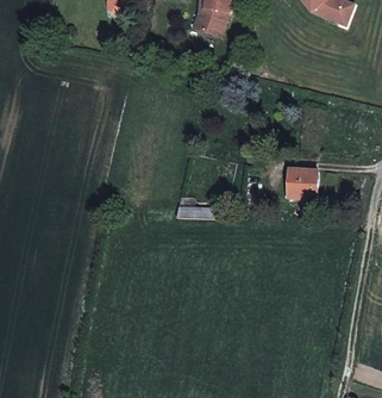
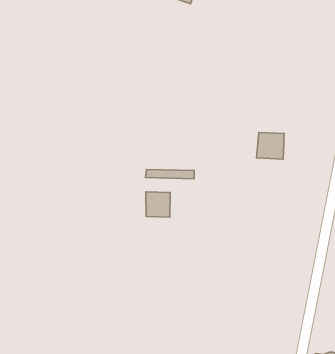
building: none -> [146,192,170,217]

